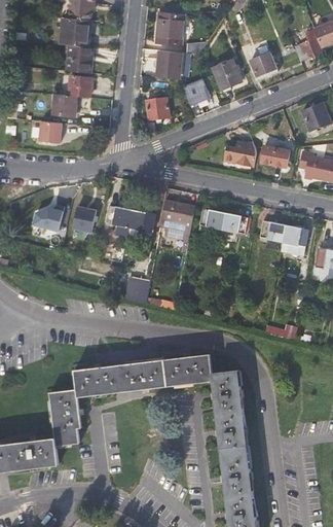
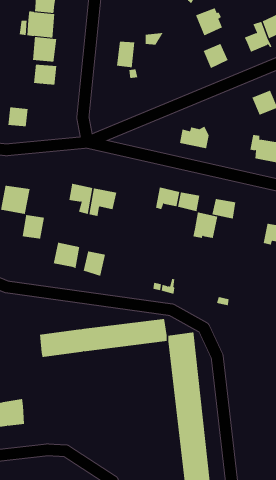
building: [155,12,184,46] -> none
building: [212,60,242,91] -> [195,8,223,36]
building: [183,79,209,104] -> none
building: [51,94,77,116] -> none
building: [146,98,170,120] -> none
building: [260,144,290,168] -> none
building: [162,200,195,226] -> none
building: [73,205,98,232] -> [22,215,45,239]
building: [281,224,308,253] -> [192,212,218,238]
building: none -> [53,242,80,269]
building: [49,387,80,445] -> none

